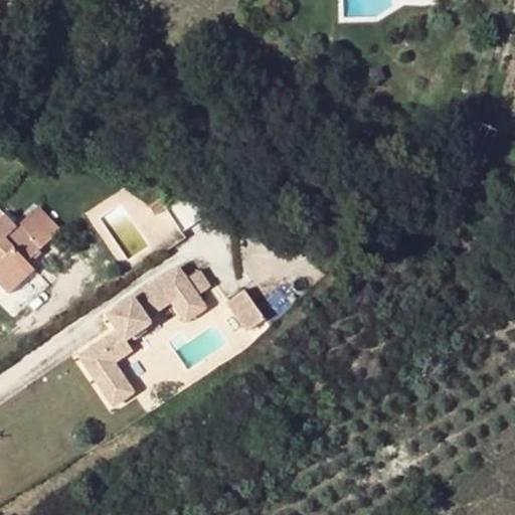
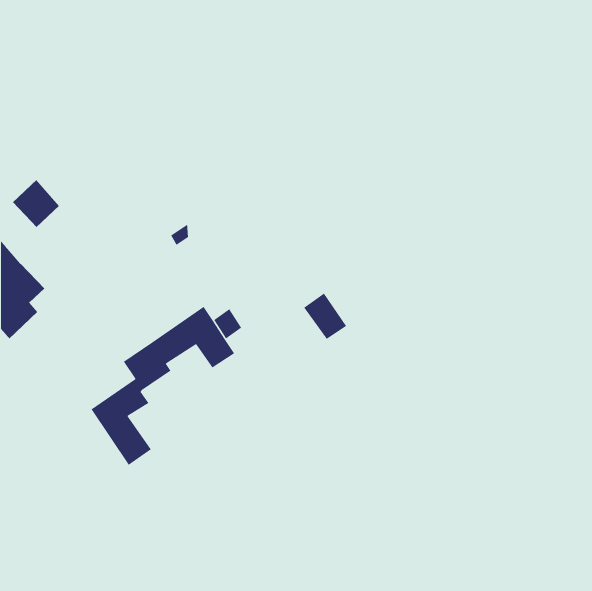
building: [18,208,59,250] -> [12,179,60,228]
building: [225,289,264,330] -> [303,292,347,340]

